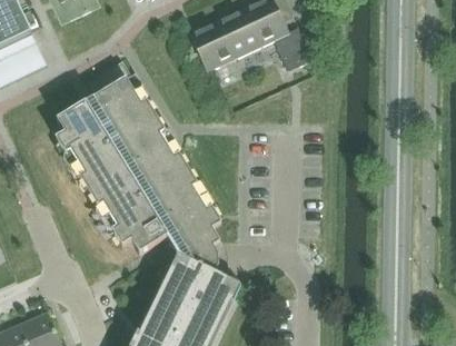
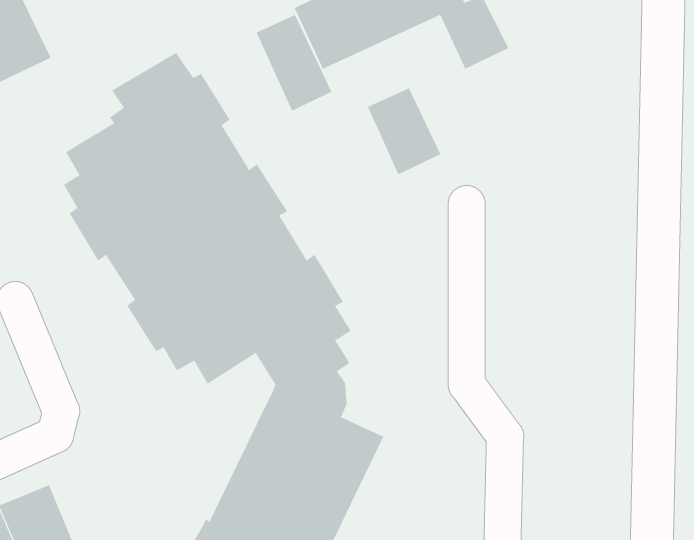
building: none -> [256,14,332,112]
building: none -> [367,87,441,175]

